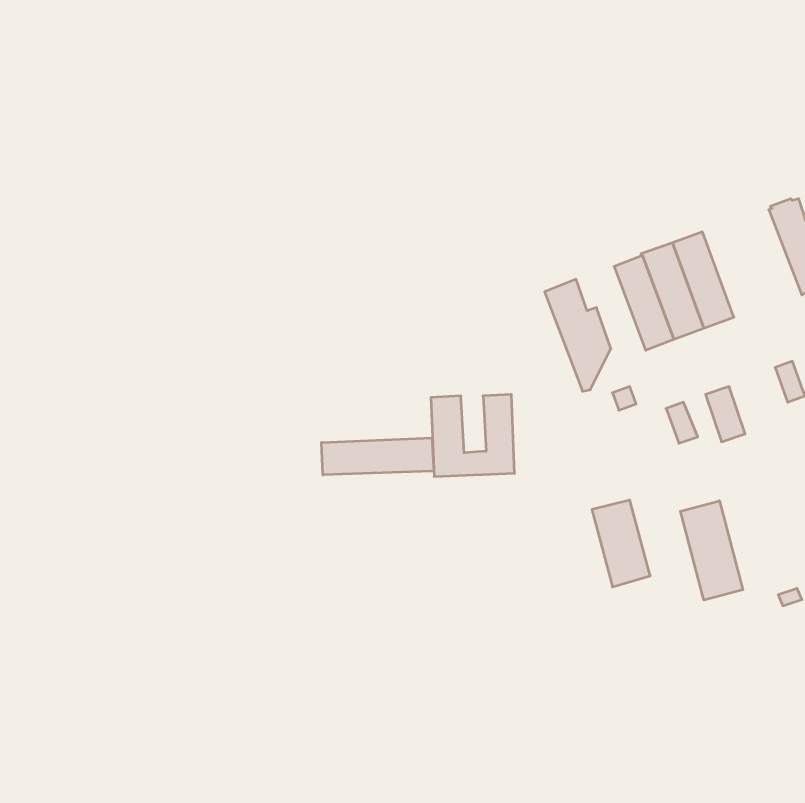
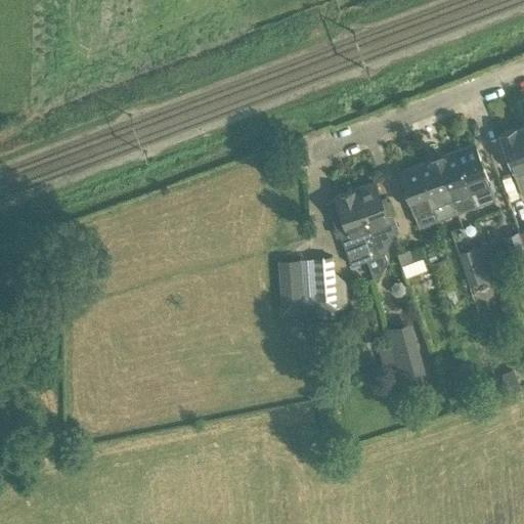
building: none -> [456,146,495,208]
building: none -> [325,191,387,279]
building: [322,438,434,475] -> none
building: [680,501,743,600] -> none

